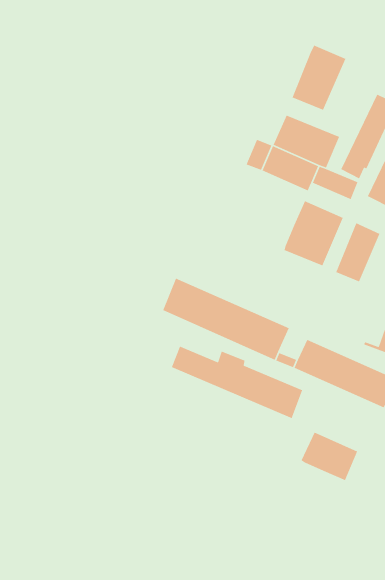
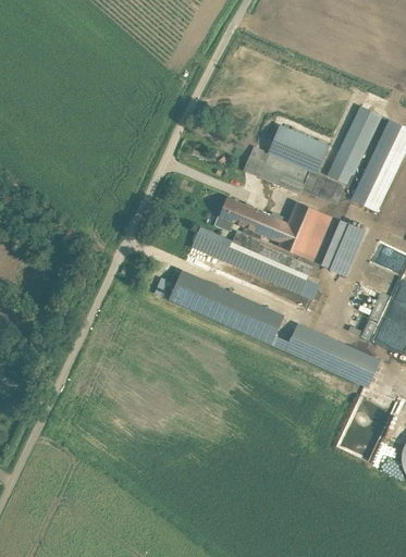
building: [292,45,346,111] -> none
building: none -> [213,198,286,243]
building: [171,346,303,419] -> [193,228,310,294]
building: [301,432,358,481] -> none

